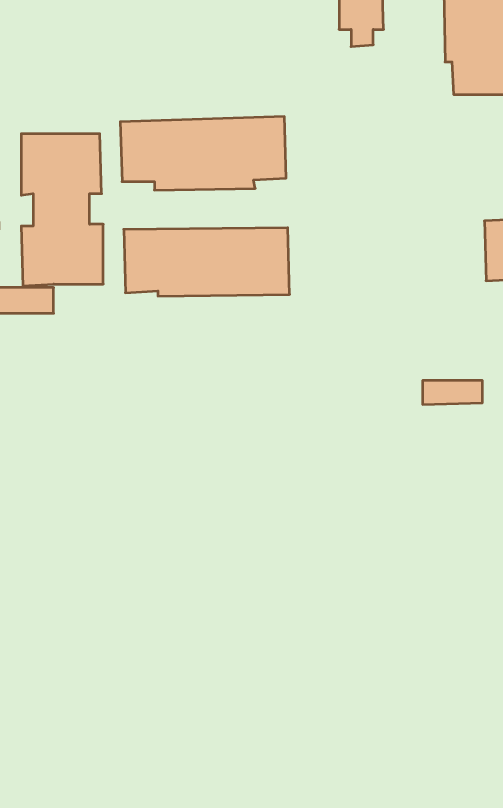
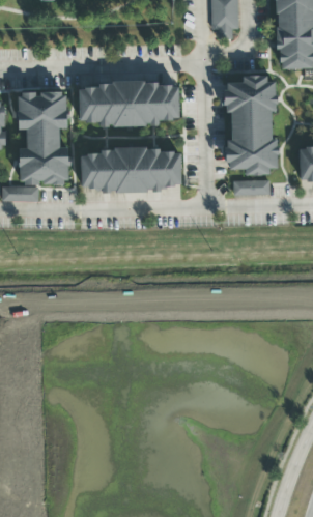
building: none -> [223,74,281,176]
building: [423,381,482,404] -> [233,180,269,195]

